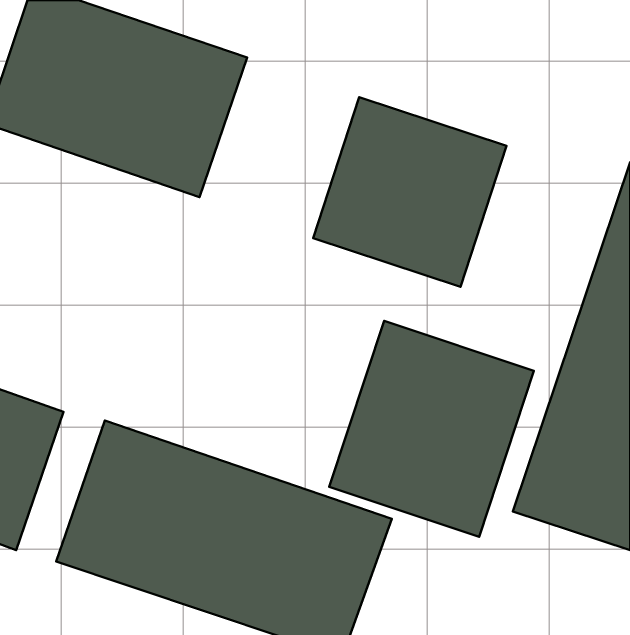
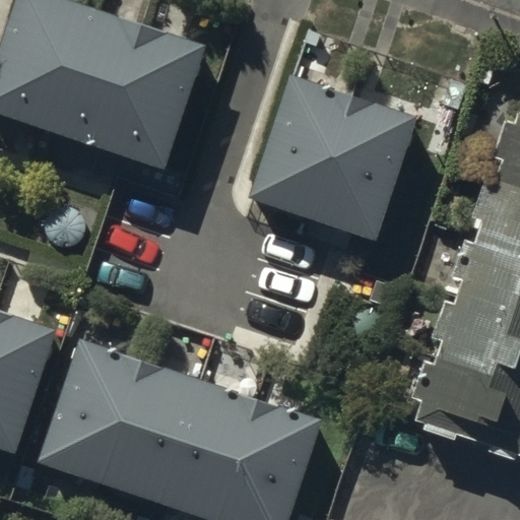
building: [329,321,534,537] -> none

